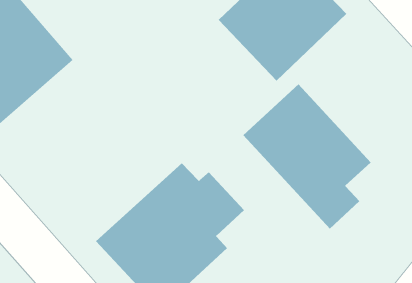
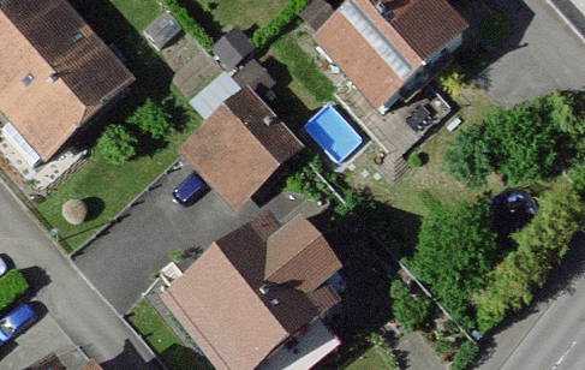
building: none -> [195,77,298,180]
building: [243,83,371,230] -> none

